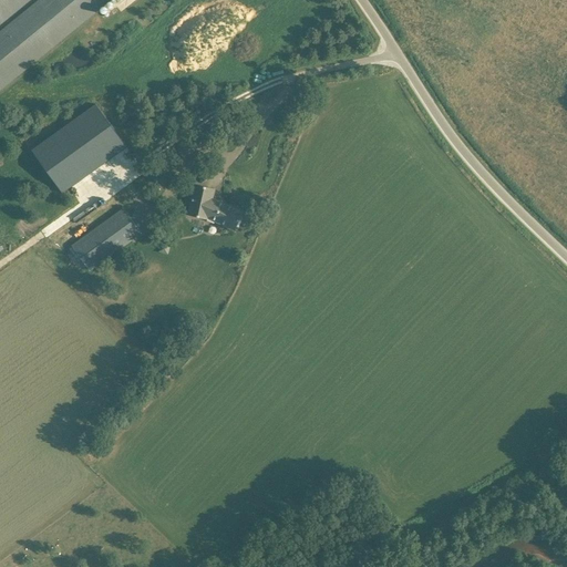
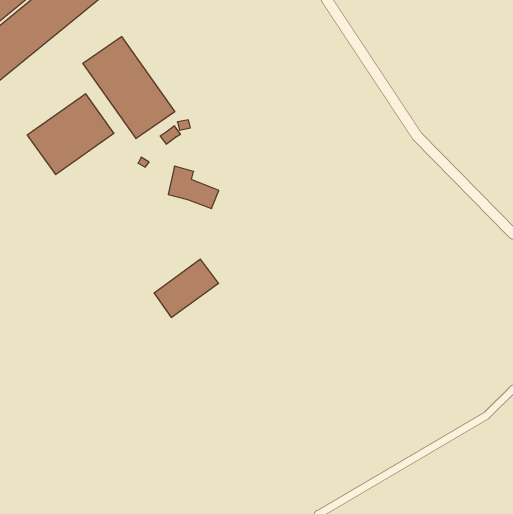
building: none -> [83,37,175,139]
building: [70,206,141,270] -> [154,259,219,317]

